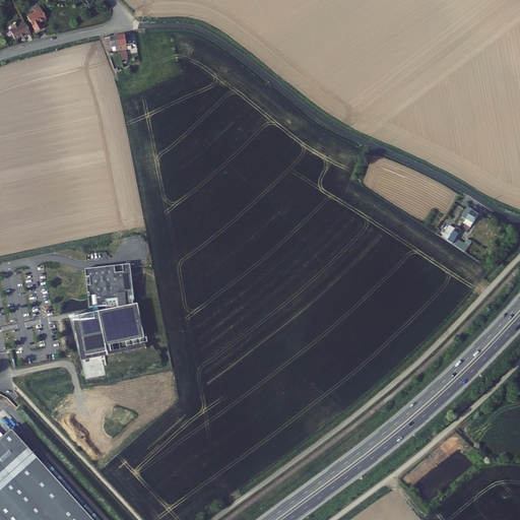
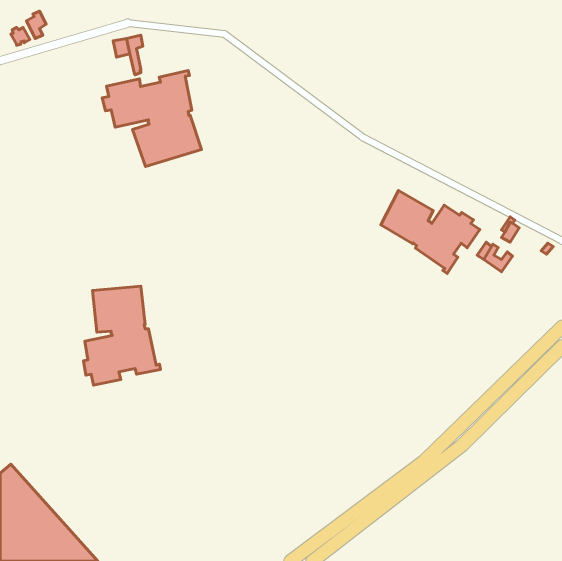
building: none -> [102,70,201,167]
building: none -> [381,190,480,274]

